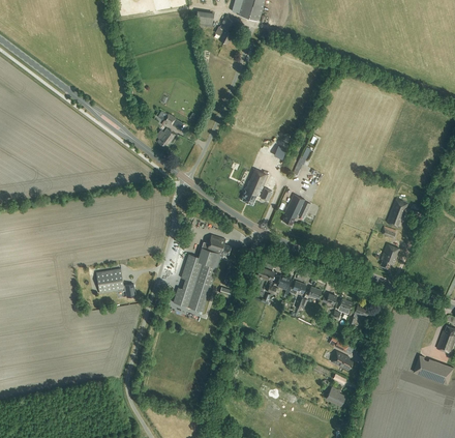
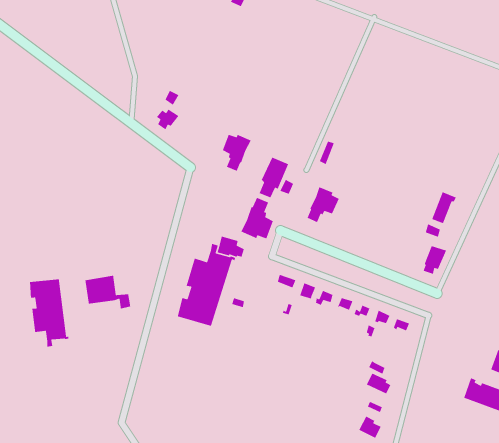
building: none -> [222,134,252,172]
building: none -> [240,197,274,239]
building: none -> [29,278,69,347]

